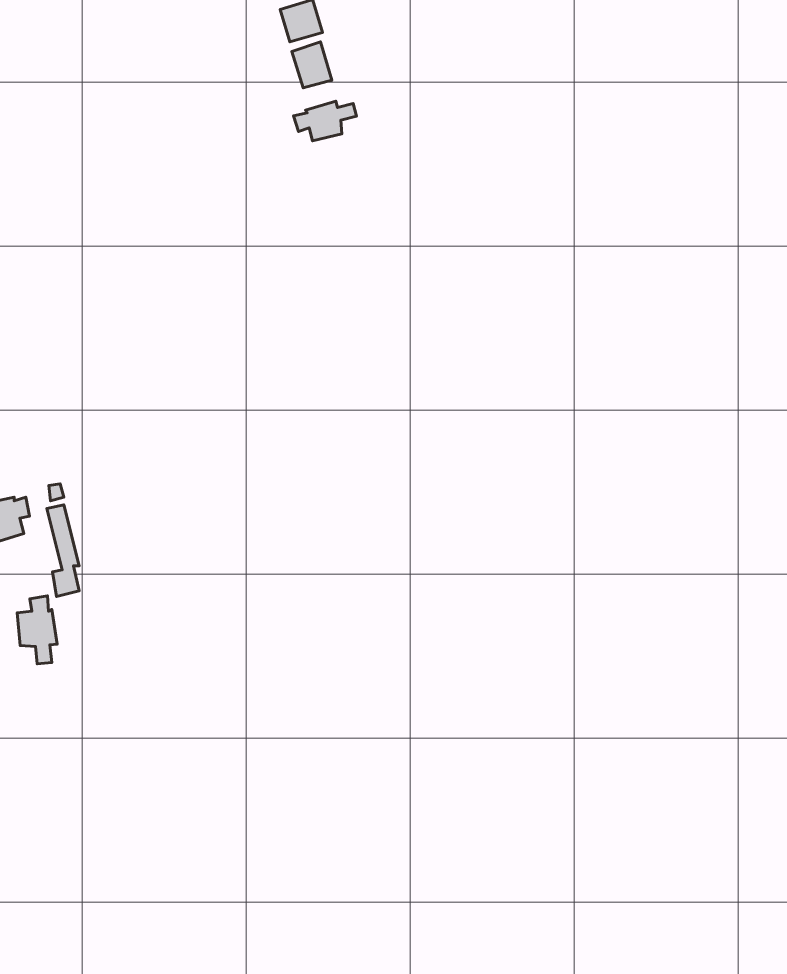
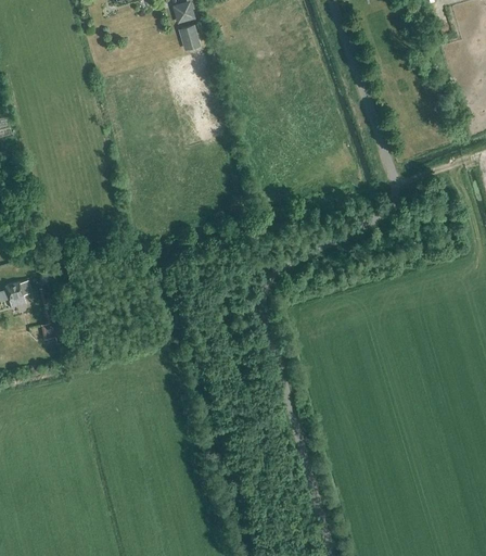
building: [294,101,356,141] -> none
building: [17,596,57,664] -> none

